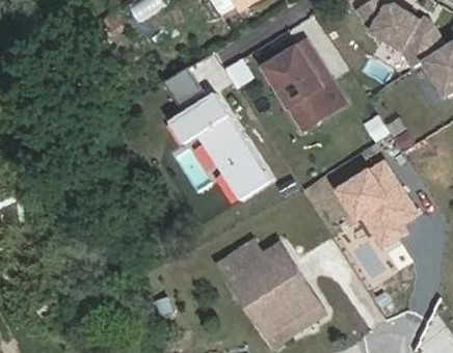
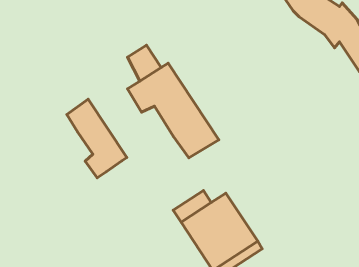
building: [258,37,351,134] -> none
building: none -> [67,99,127,178]
building: [334,160,421,250] -> none

